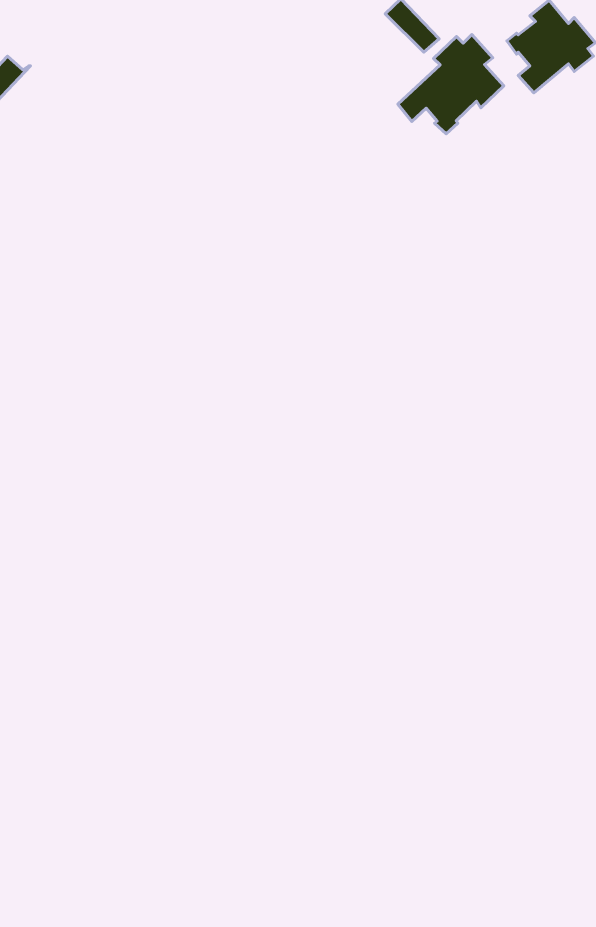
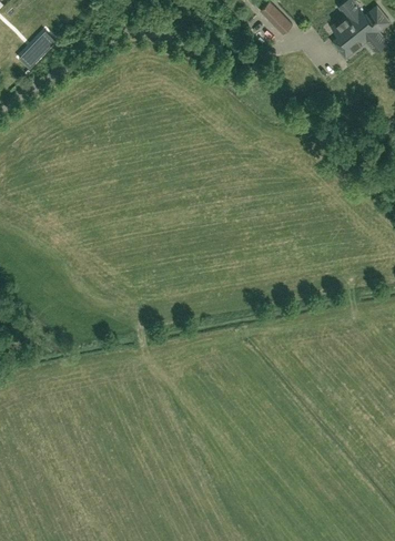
building: [398,34,504,134] -> none

